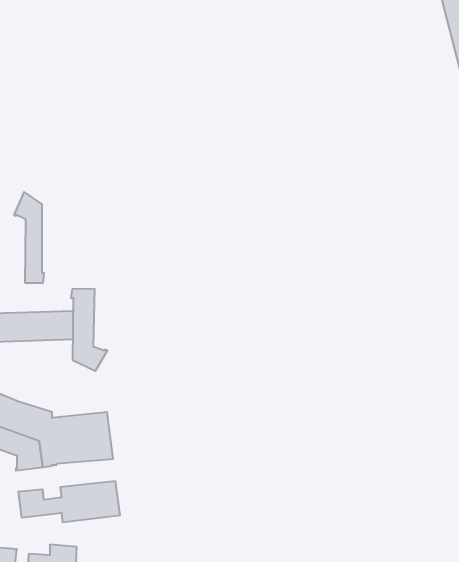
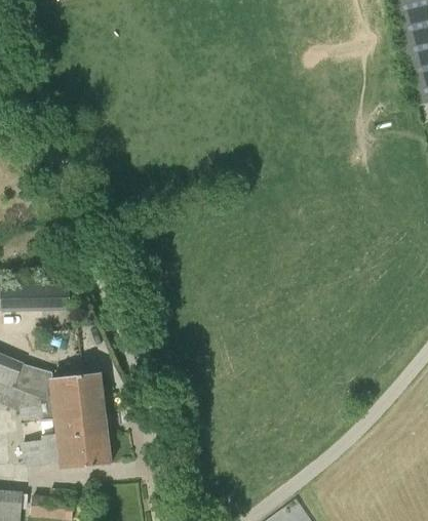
building: [14,192,44,283] -> none
building: [71,289,107,371] -> none
building: none -> [43,413,108,449]

